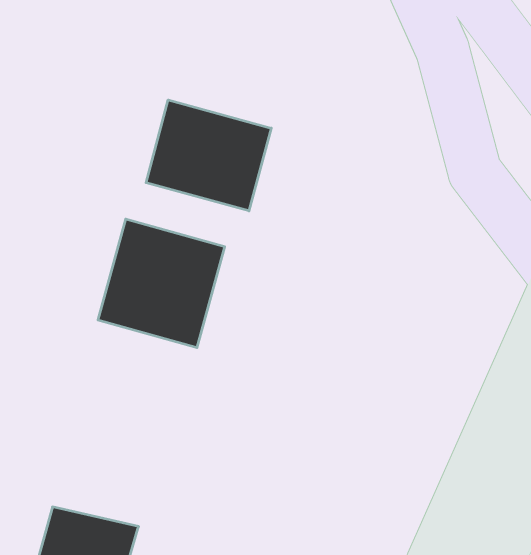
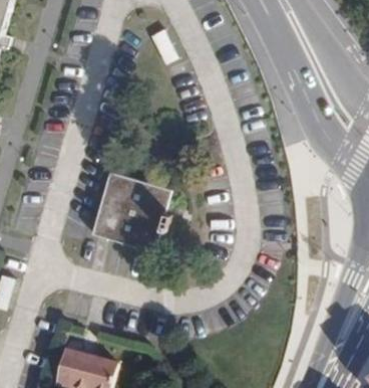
building: [146,100,271,211] -> none

